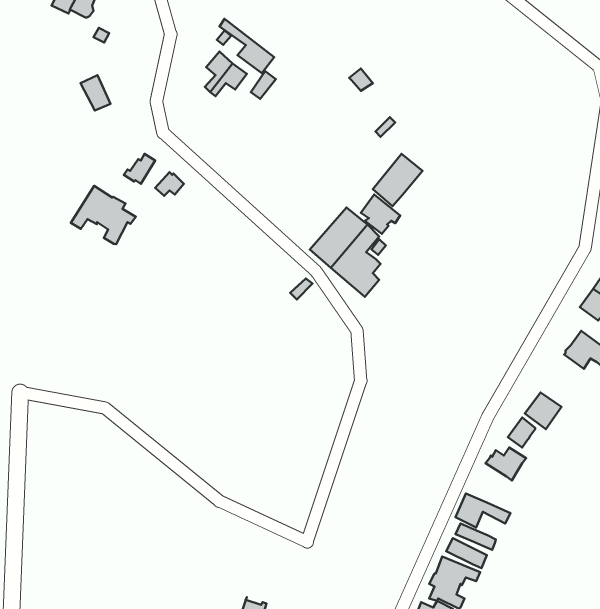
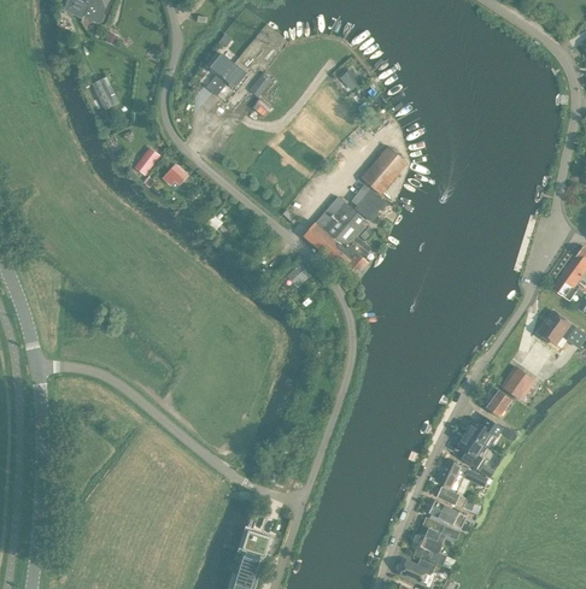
building: [220,19,274,73] -> none
building: [71,186,136,244] -> none
building: none -> [458,431,485,467]

